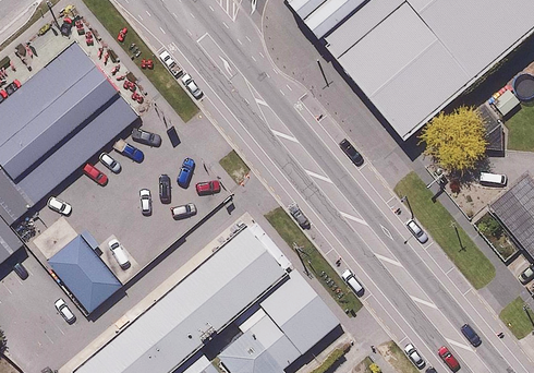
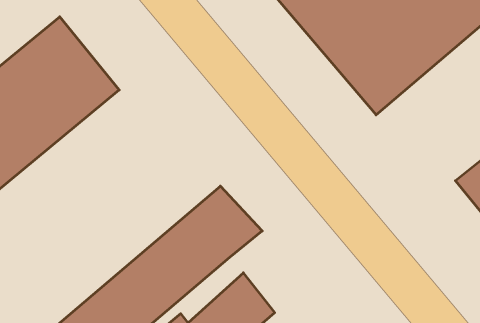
building: [46,231,125,313] -> none
building: [255,266,336,351] -> none

